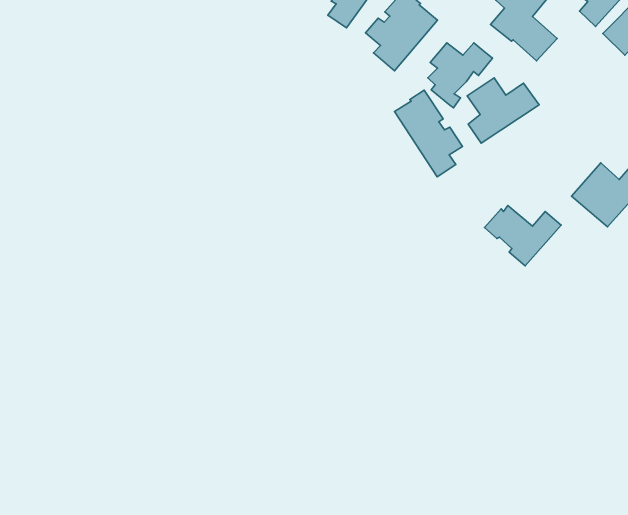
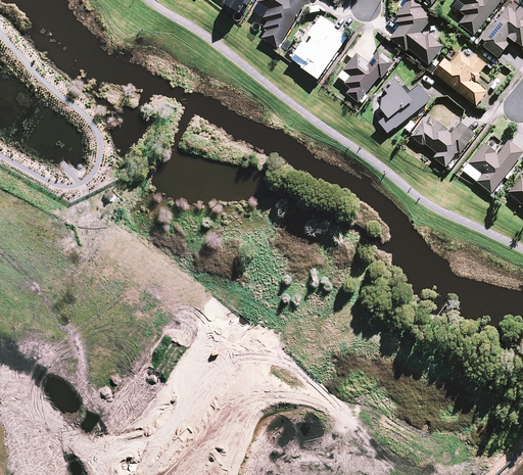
building: none -> [431,51,485,104]
building: [394,90,462,177] -> none
building: [484,205,561,266] -> [411,117,471,164]

